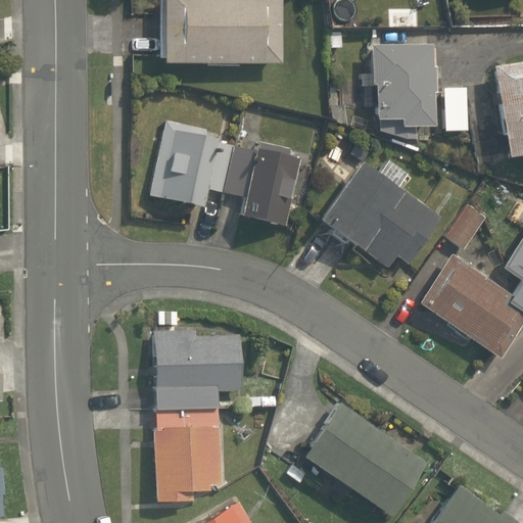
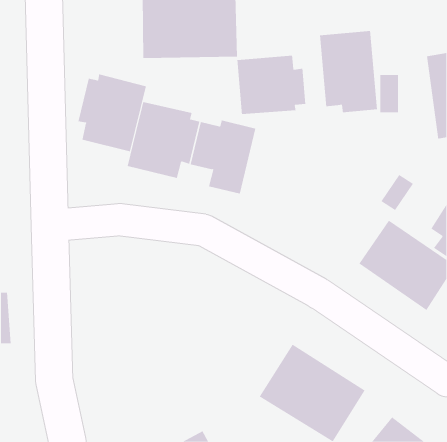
building: none -> [237,55,306,115]
building: none -> [78,74,146,152]
building: [320,162,440,271] -> none
building: [150,328,246,508] -> none

